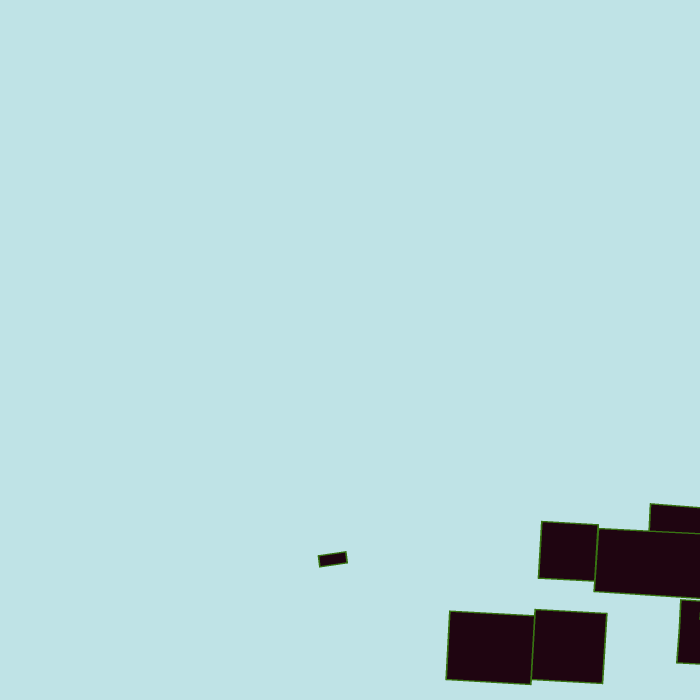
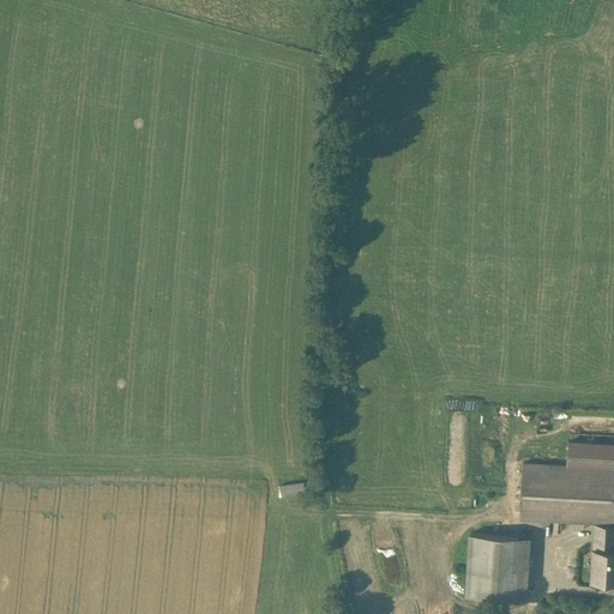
building: [539,522,598,581] -> none
building: [446,611,535,684] -> none

